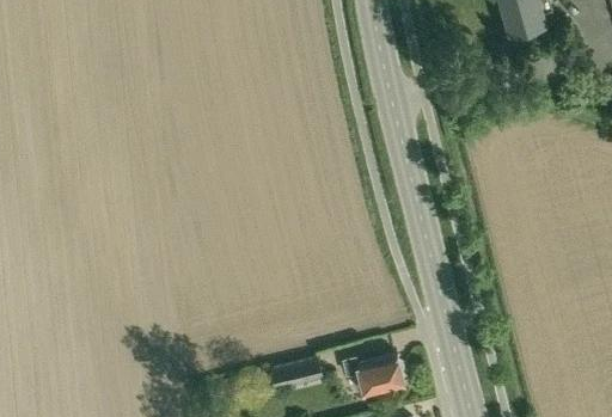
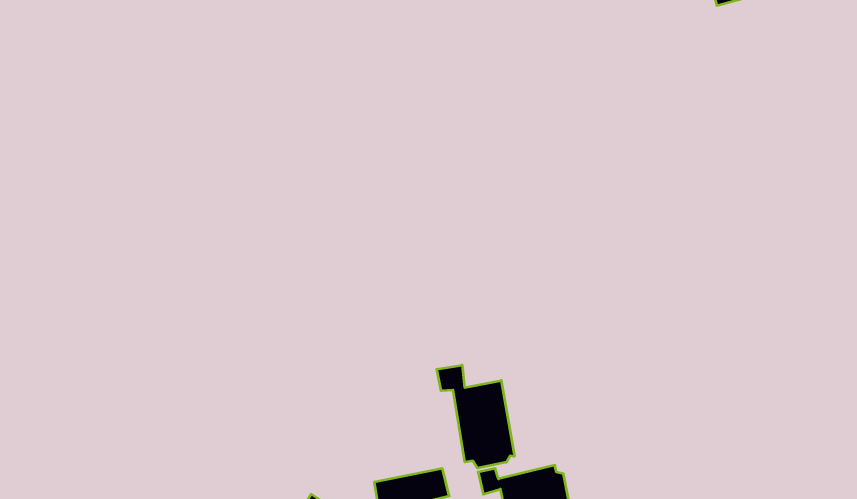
building: none -> [437,365,514,468]

